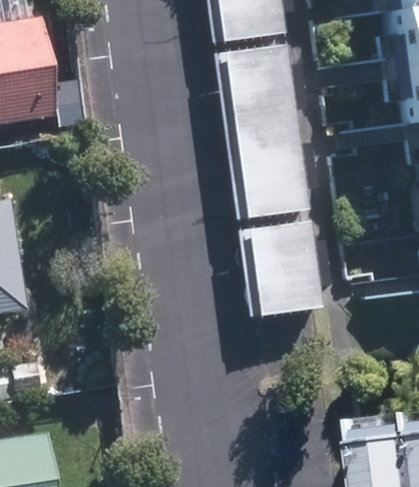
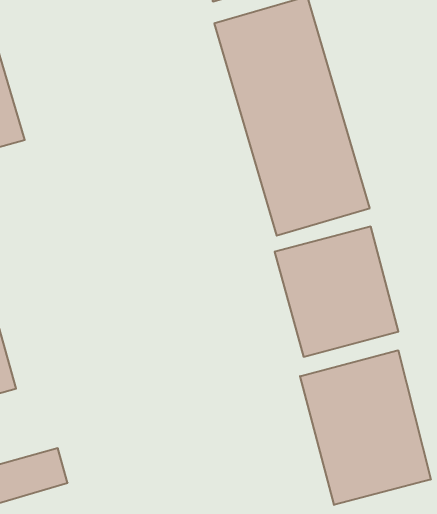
building: none -> [300,350,431,505]

